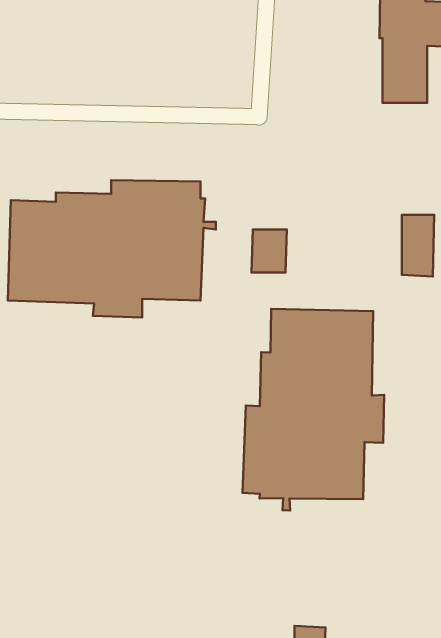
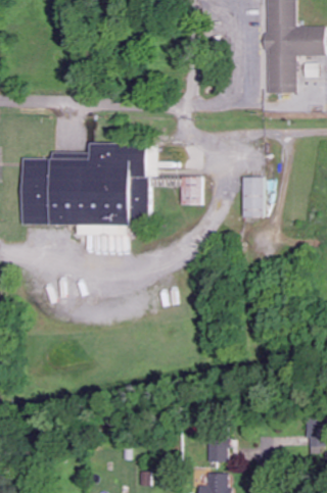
building: [402,215,434,276] -> [241,177,263,217]
building: [243,309,384,511] -> none

